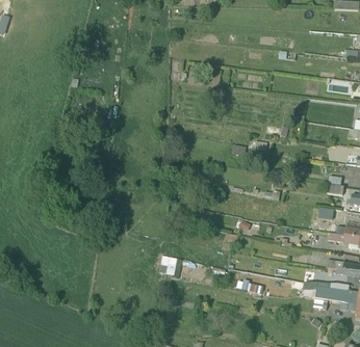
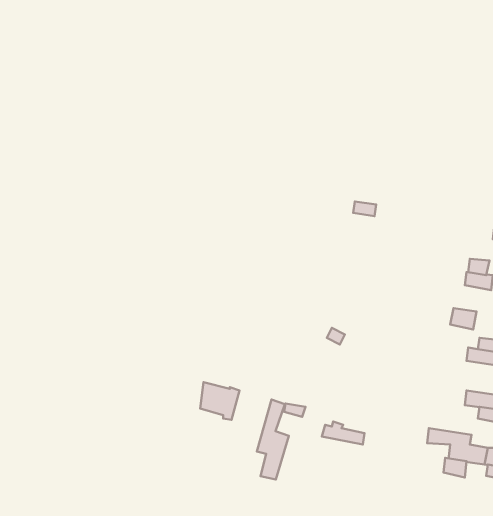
building: none -> [257,400,289,480]

